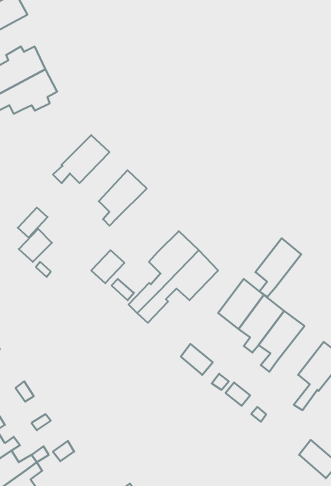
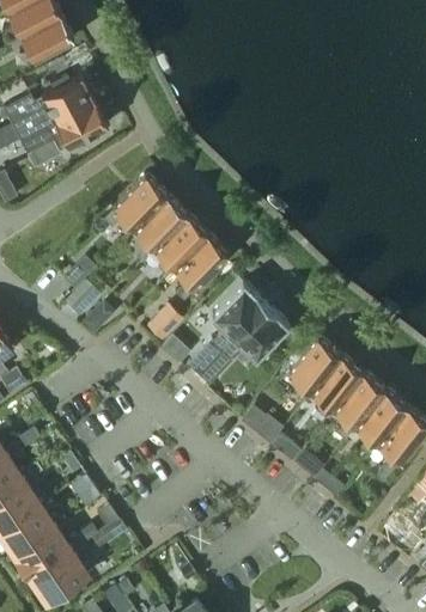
building: none -> [133,195,187,250]
building: none -> [175,235,229,301]
building: [255,238,301,297] -> [355,390,407,455]

